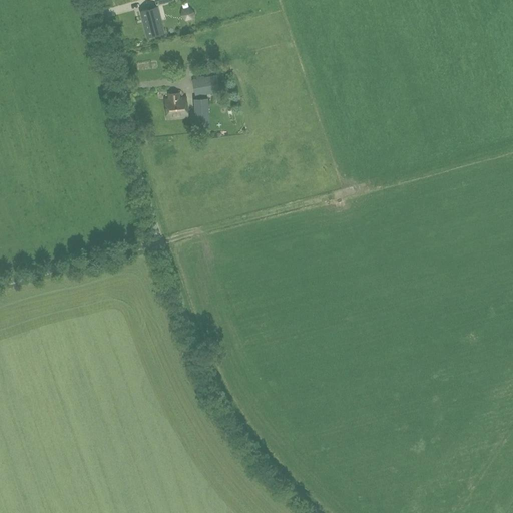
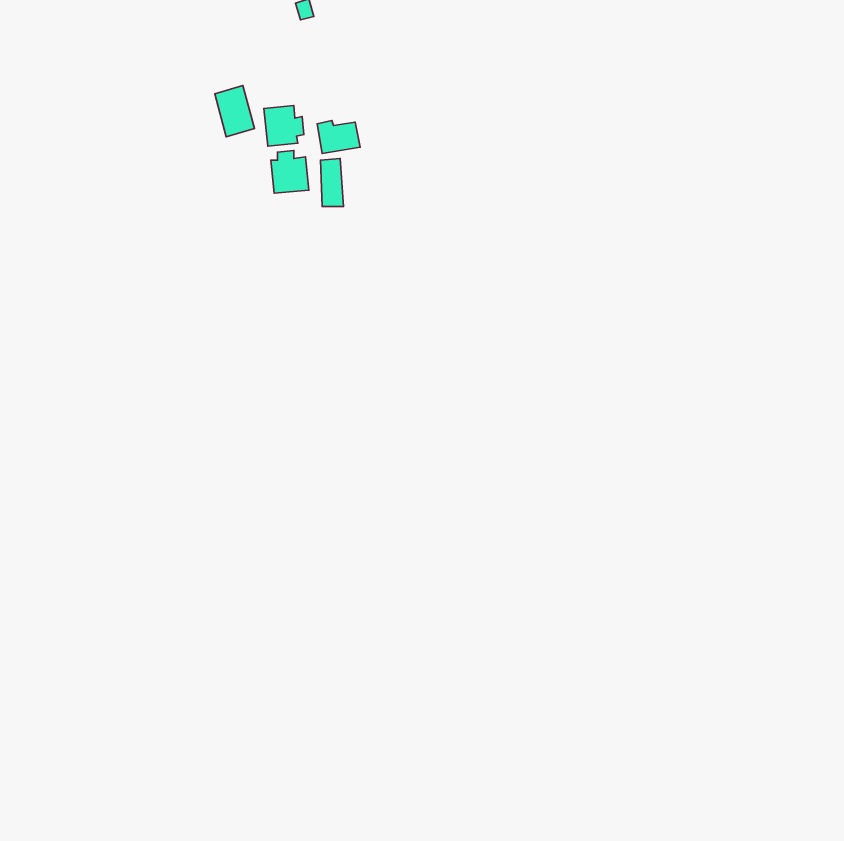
building: [139,4,163,35] -> [215,86,254,137]
building: none -> [264,105,304,146]

